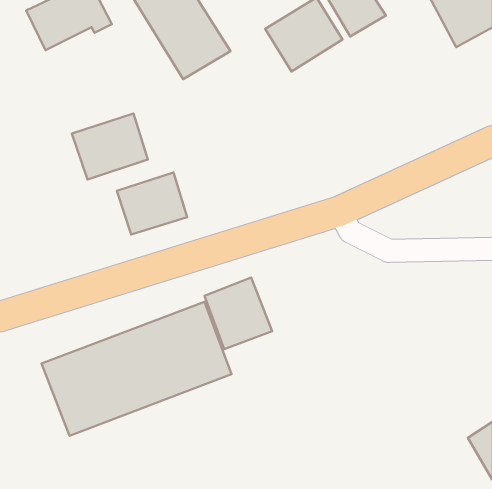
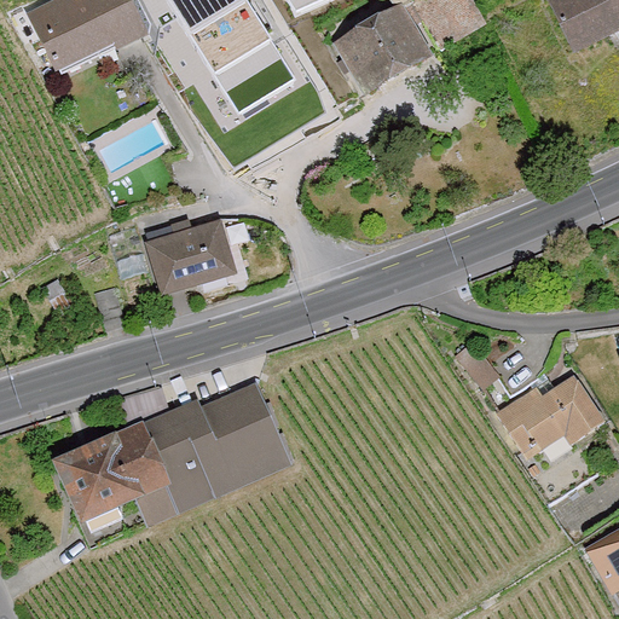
building: [72,114,148,180] -> none
building: [204,277,272,349] -> none
building: none -> [499,368,604,453]

